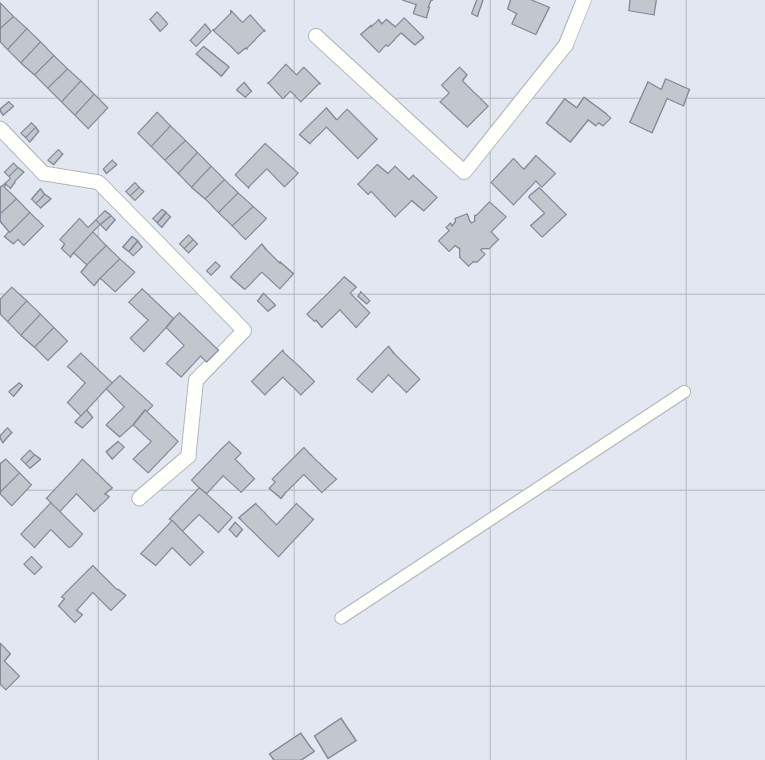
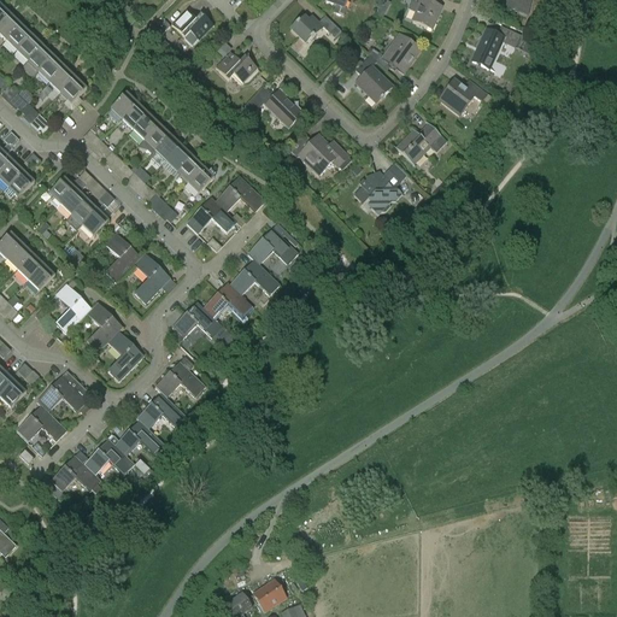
building: none -> [369,34,421,72]
building: [630,79,690,133] -> [472,25,521,69]
building: [235,143,298,188] -> [215,176,265,212]
building: [529,187,566,237] -> none
building: [357,346,420,393] -> [229,258,280,295]
building: [269,448,337,498] -> [169,301,223,342]
building: [239,503,314,557] -> none
building: none -> [75,439,134,475]

